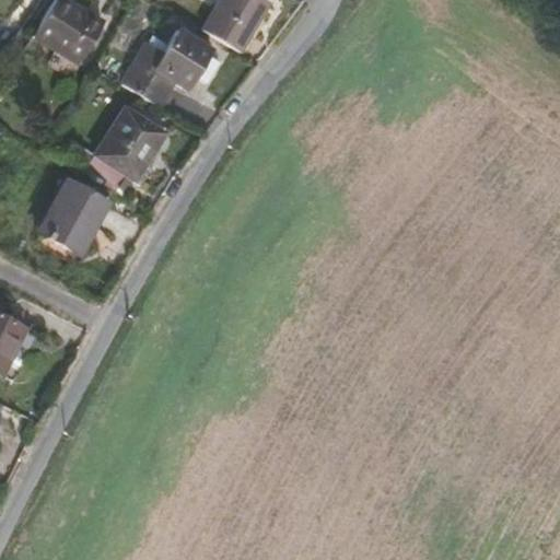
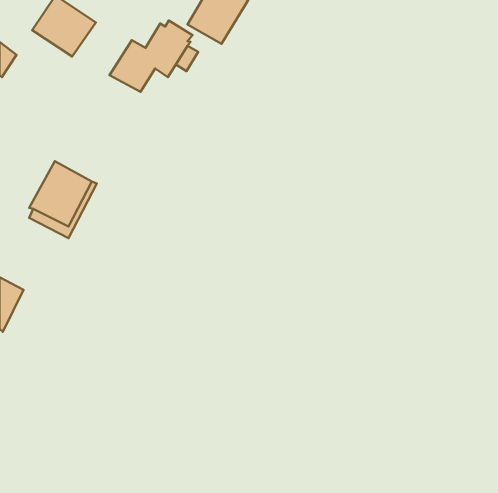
building: [79,104,164,192] -> none

